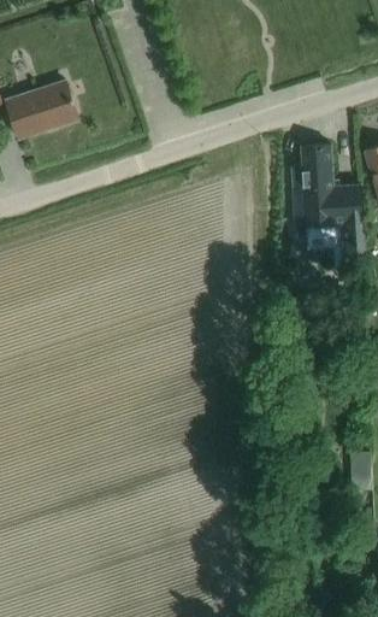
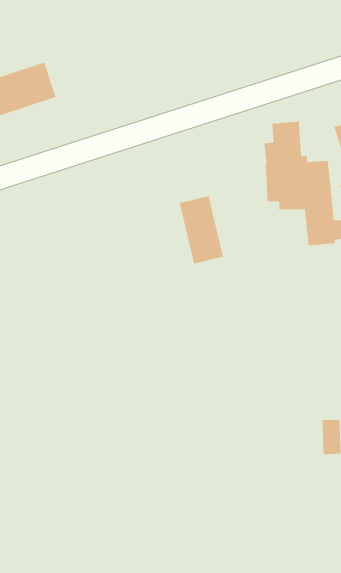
building: none -> [179,195,224,265]

